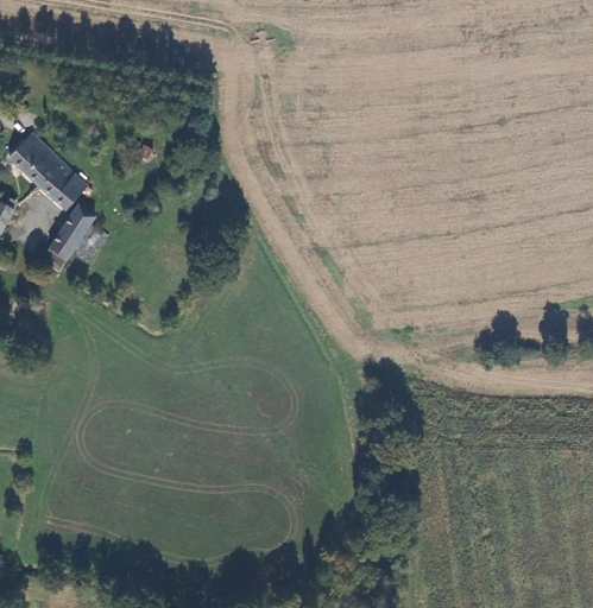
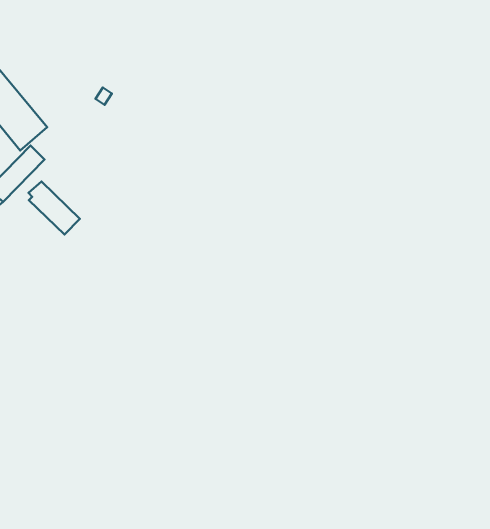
building: none -> [28,181,80,235]

